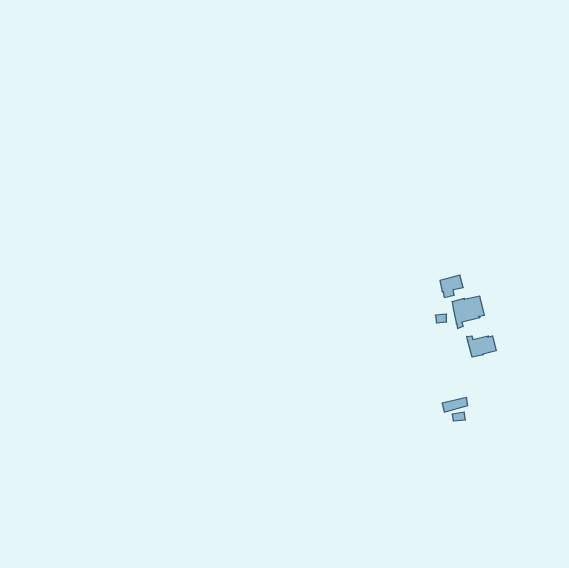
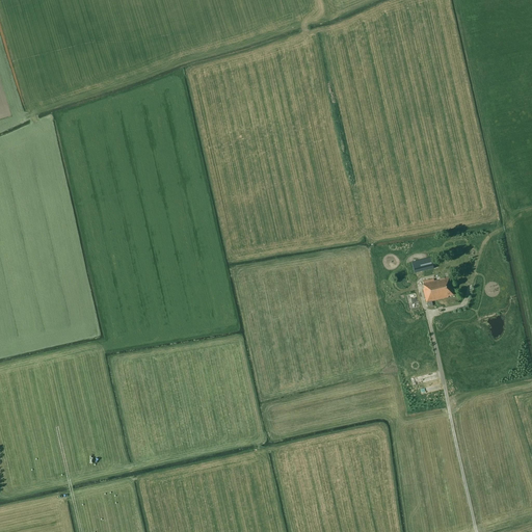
building: [467,336,496,357] -> none

